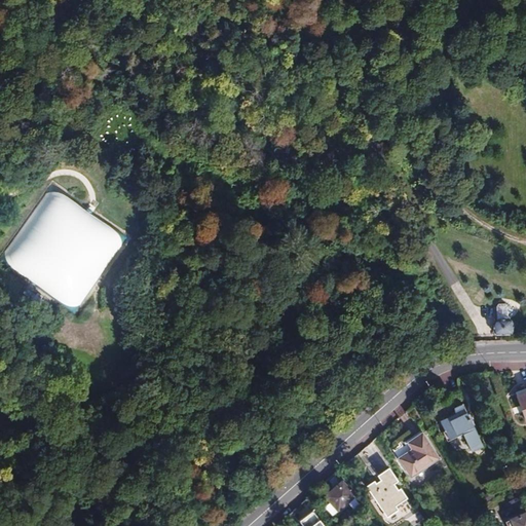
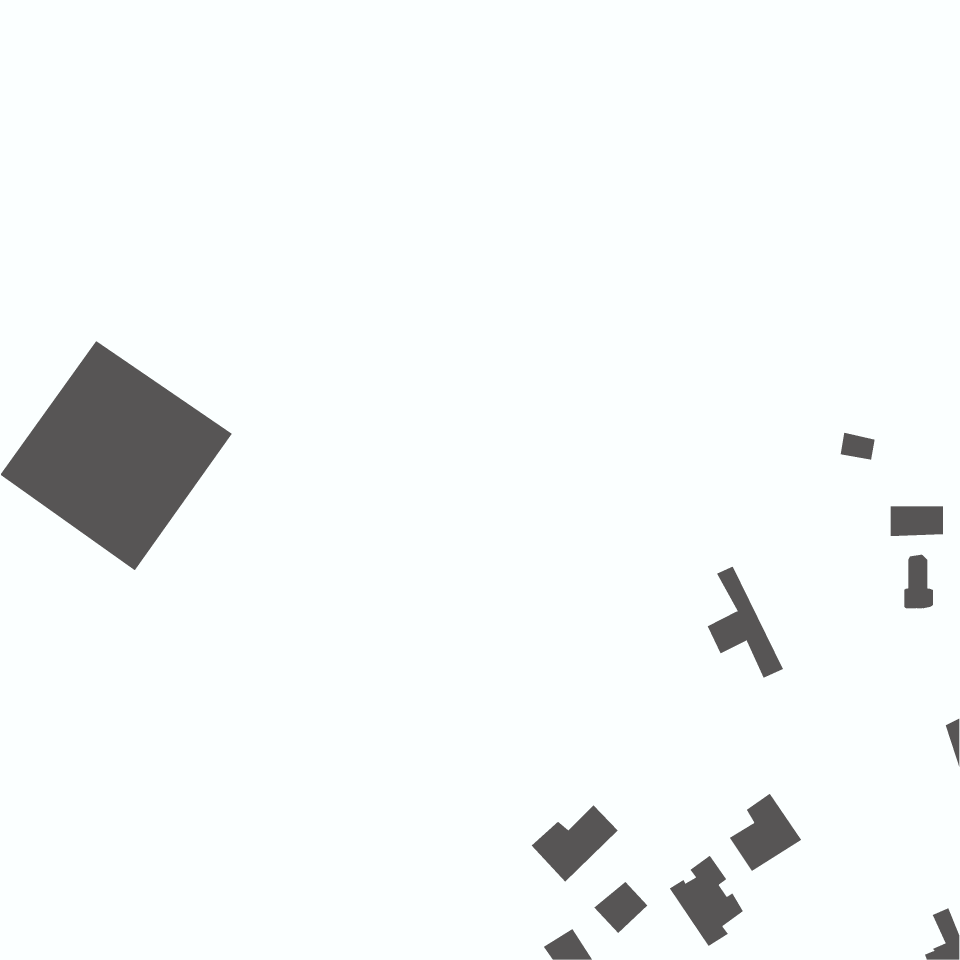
building: none -> [890,506,943,537]
building: [441,390,483,452] -> [707,566,784,679]
building: none -> [531,804,619,883]

